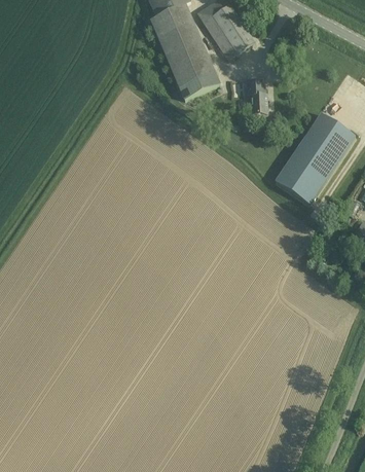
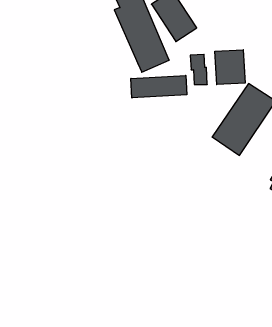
building: none -> [215,50,245,85]
building: none -> [131,75,187,98]

